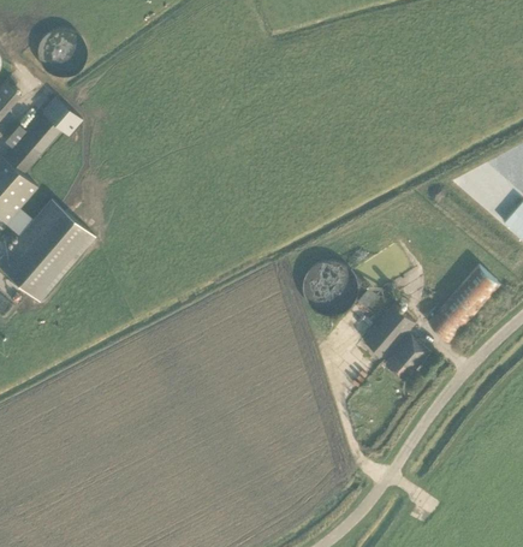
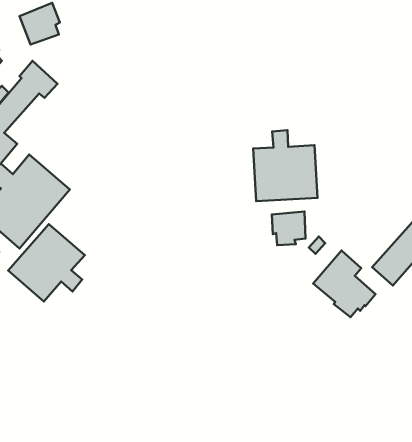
building: none -> [253,130,318,201]
building: none -> [8,224,85,302]

